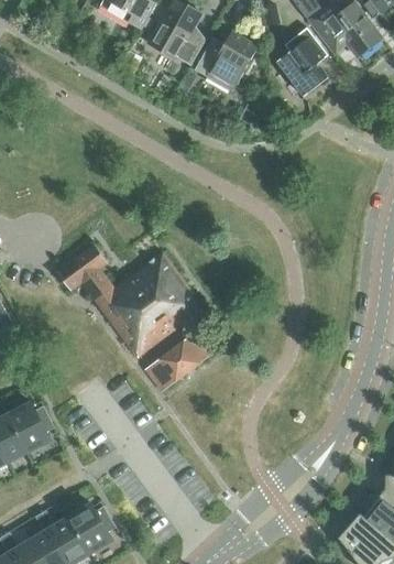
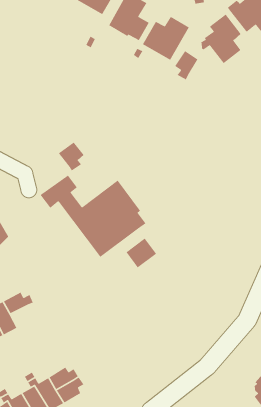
building: none -> [174,50,199,80]
building: none -> [58,142,84,171]
building: [145,349,188,391] -> none
building: [17,417,55,452] -> none

